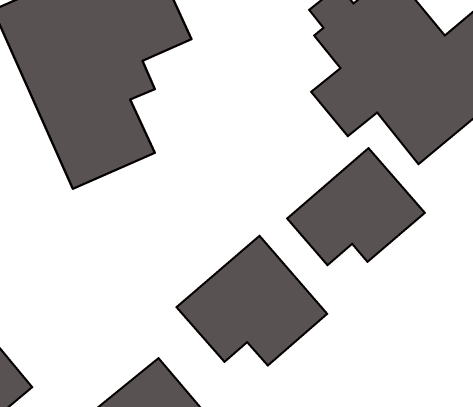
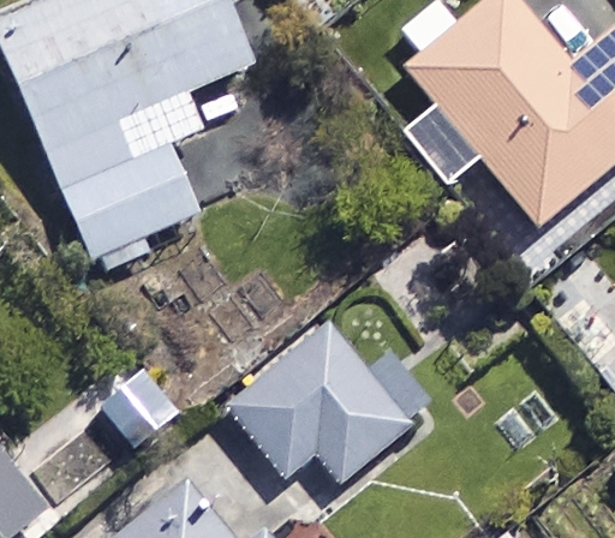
building: [287,148,425,265] -> none

